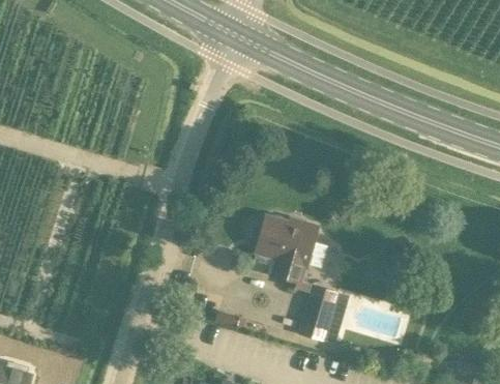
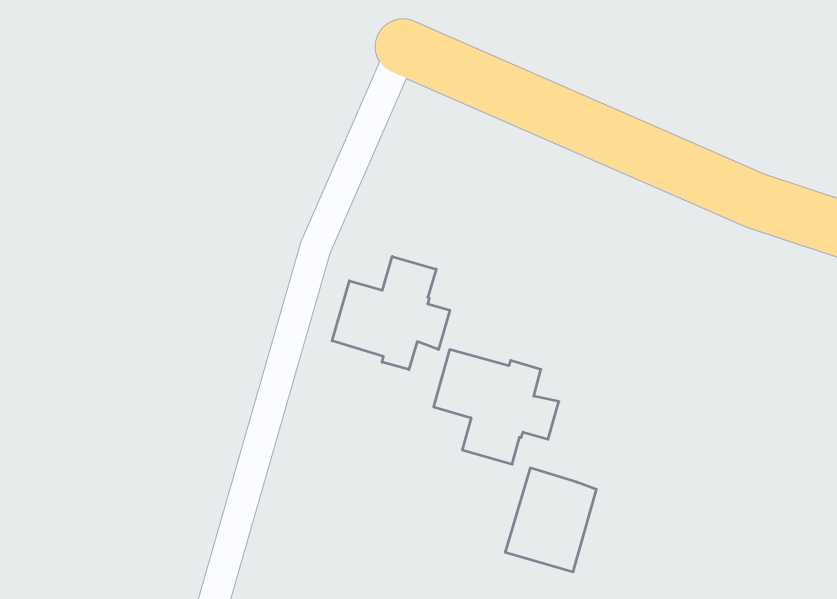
building: none -> [332,256,450,370]

